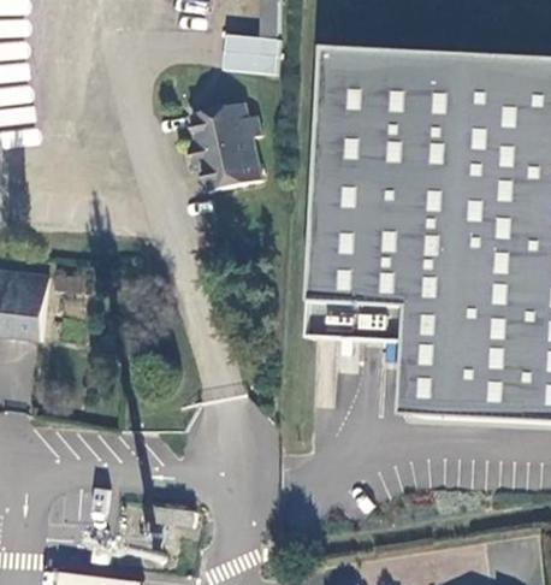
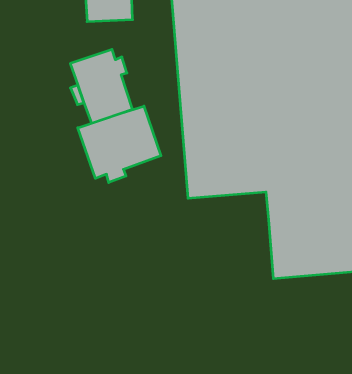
building: none -> [78,106,161,183]
building: [312,300,410,339] -> none

